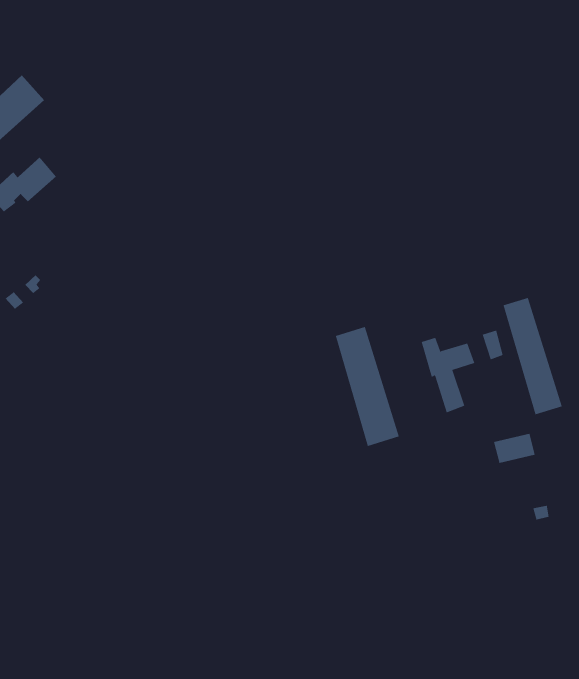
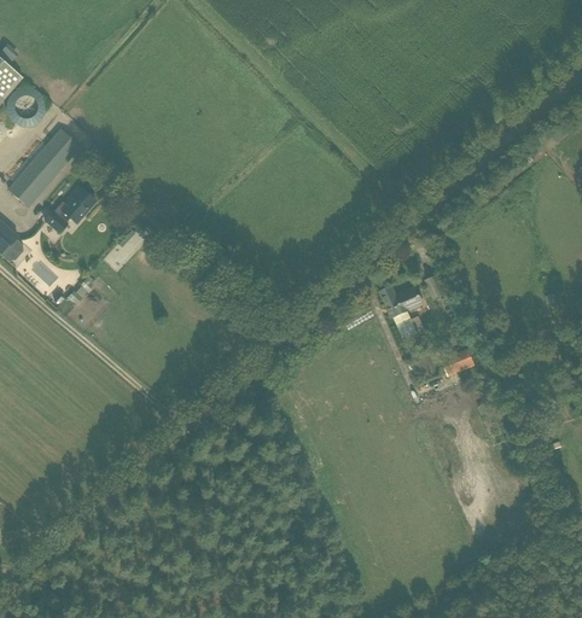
building: [503,297,562,415] -> none
building: [335,326,399,447] -> none

